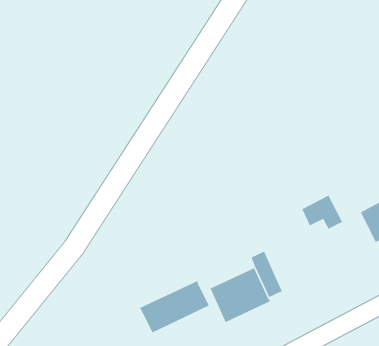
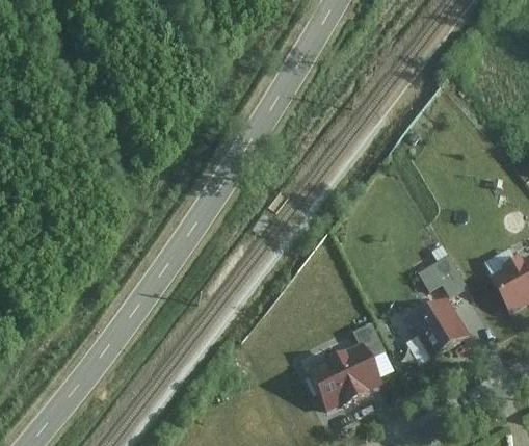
building: none -> [408,295,468,356]
building: [139,280,210,334] -> none

